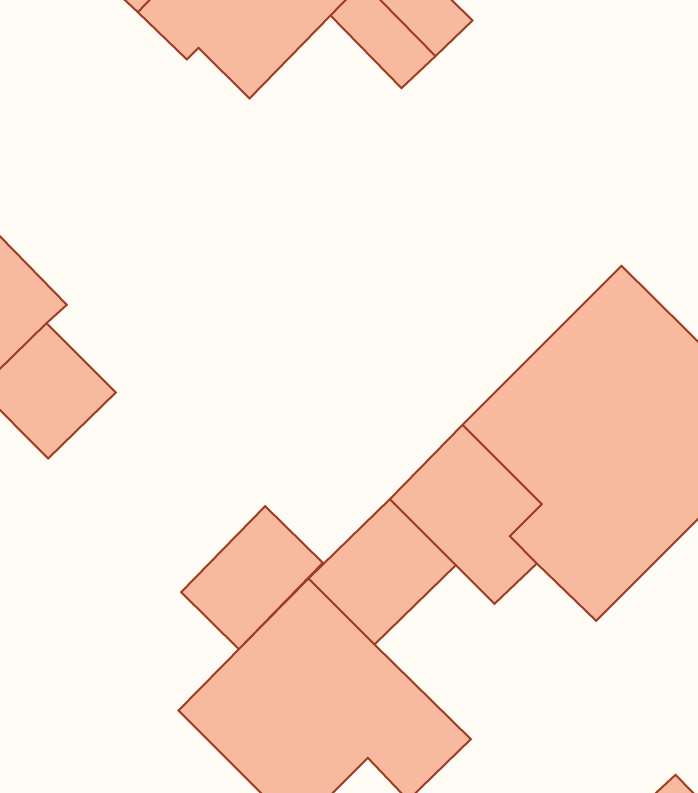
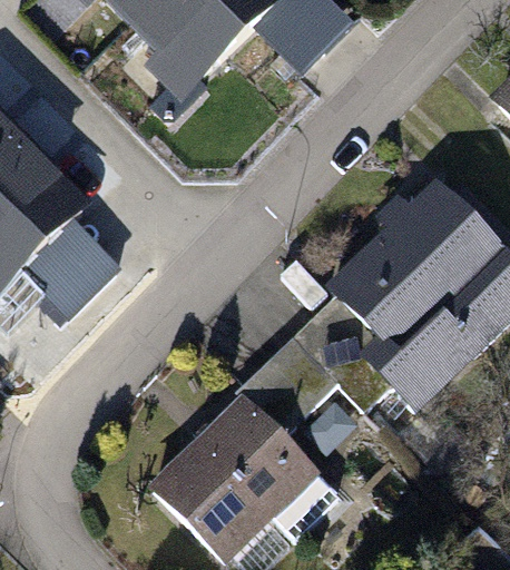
building: [181,506,323,649] -> none

